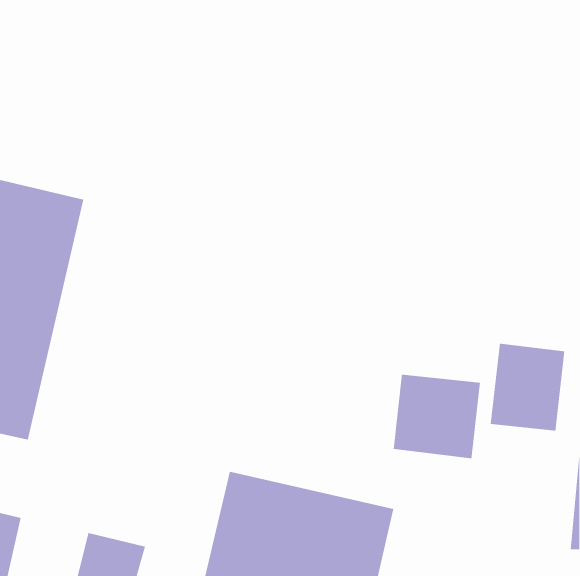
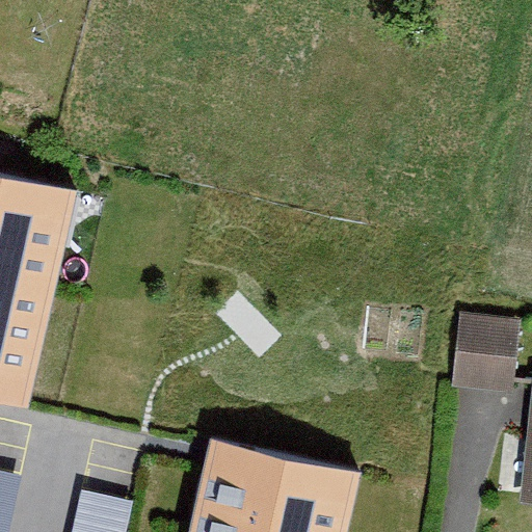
building: [393,374,481,459] -> none

